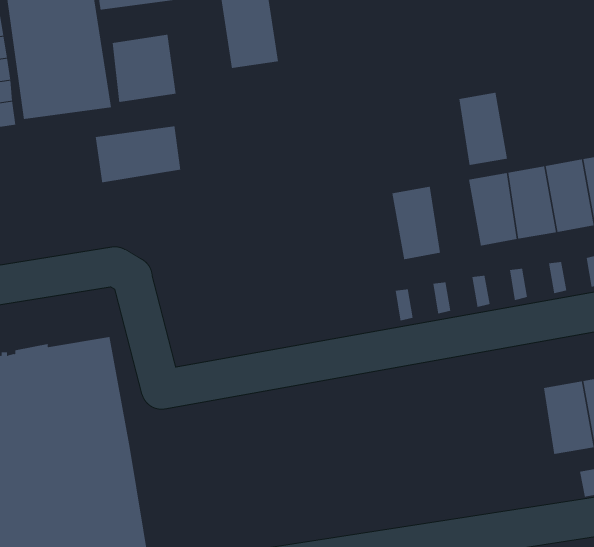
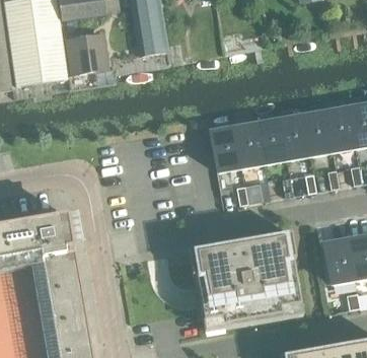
building: [459,92,508,166] -> [258,121,287,164]
building: [95,126,181,183] -> none
building: none -> [211,129,241,172]
building: none -> [192,237,300,326]

